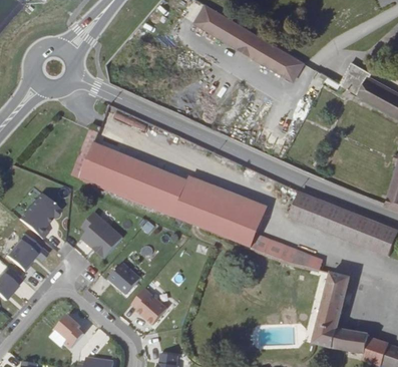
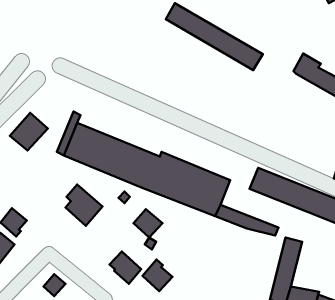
building: [17,192,60,235] -> [10,113,48,151]
building: [108,262,141,294] -> [133,209,162,237]
building: none -> [143,259,172,291]

